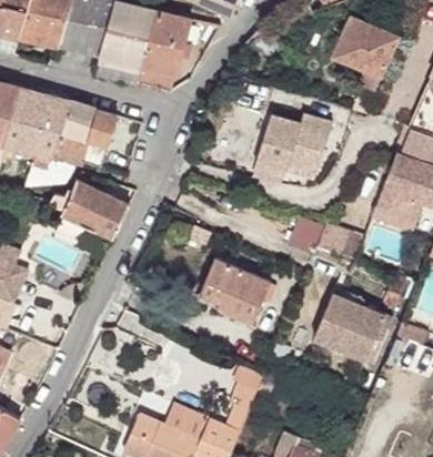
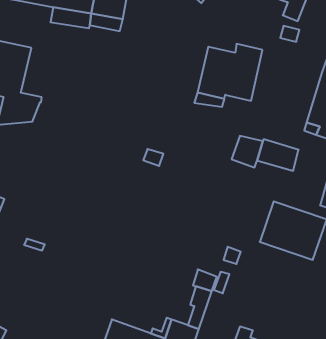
building: [54,102,117,167] -> none
building: [48,179,129,240] -> none
building: [199,258,275,322] -> none

